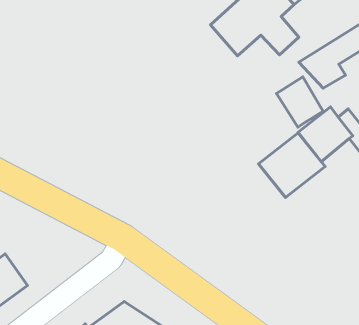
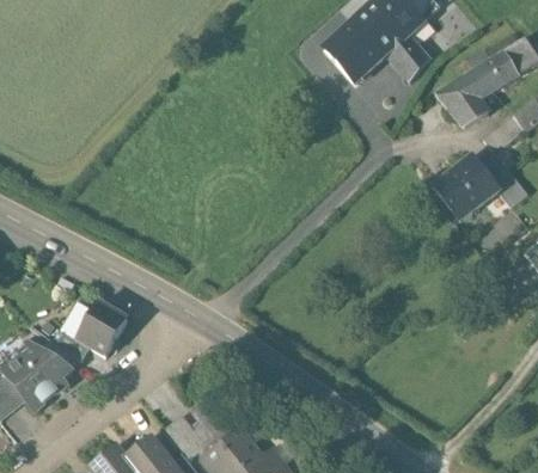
building: [277,77,323,127] -> none
building: [259,133,325,197] -> none
building: none -> [74,294,133,358]

